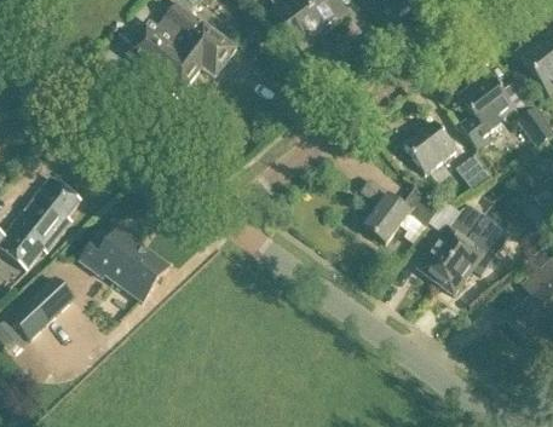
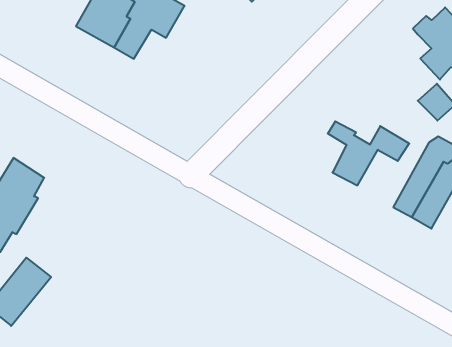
building: [405,122,456,172] -> none
building: [80,227,169,300] -> none

